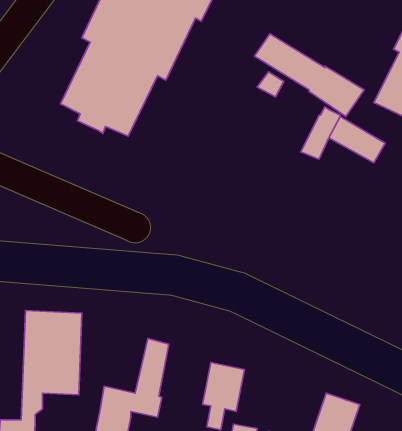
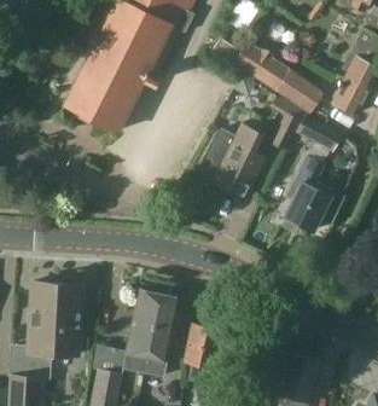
building: none -> [207,123,268,195]
building: none -> [283,156,331,231]
building: none -> [138,289,180,376]

